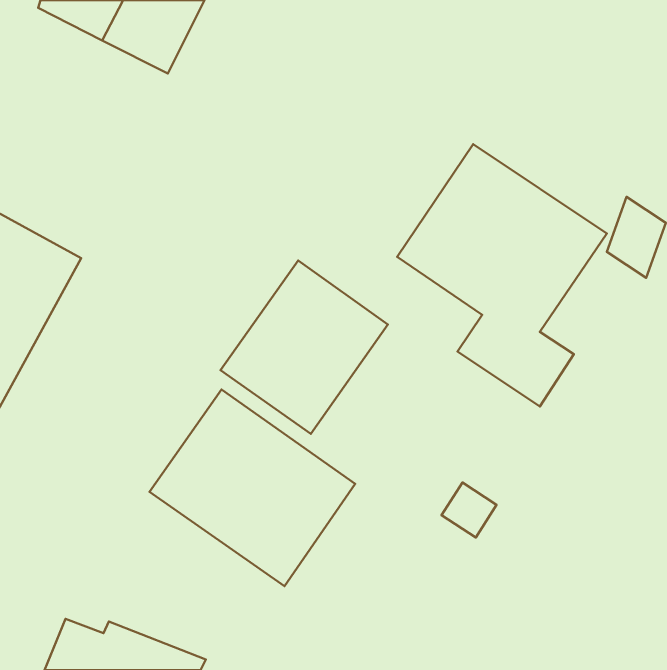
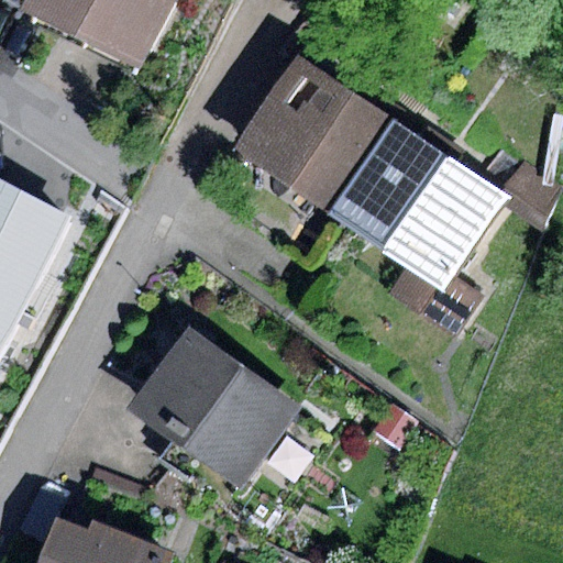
building: none -> [235,55,397,216]
building: [220,260,388,434] -> none

